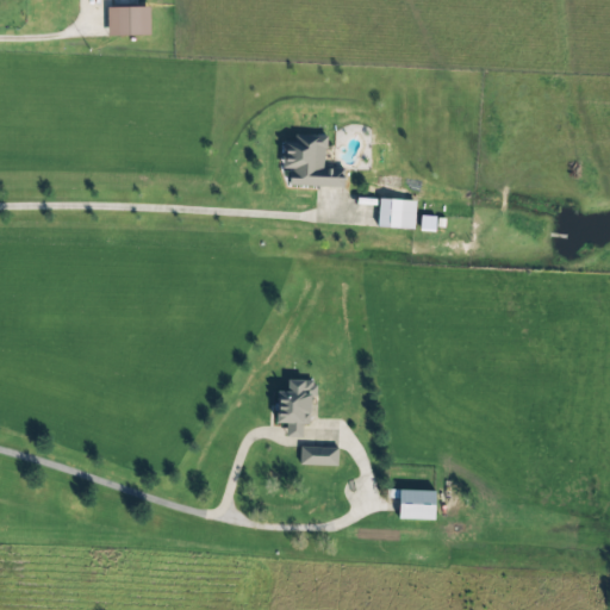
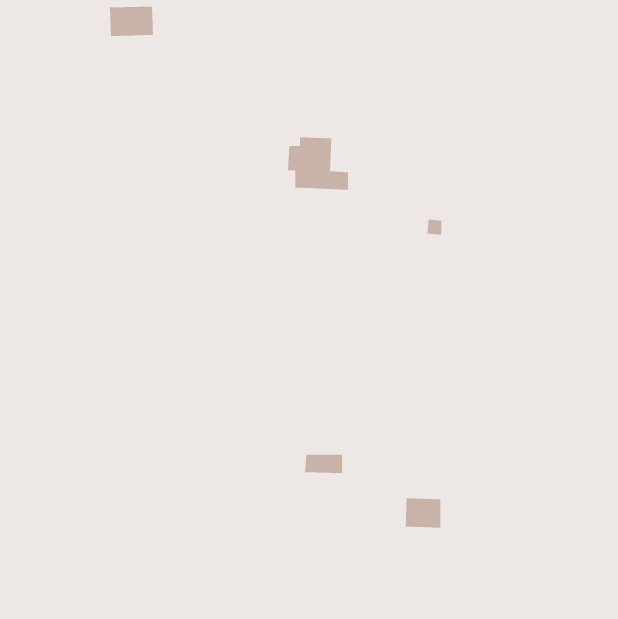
building: [378,199,416,228] -> none
building: [278,380,313,437] -> none

